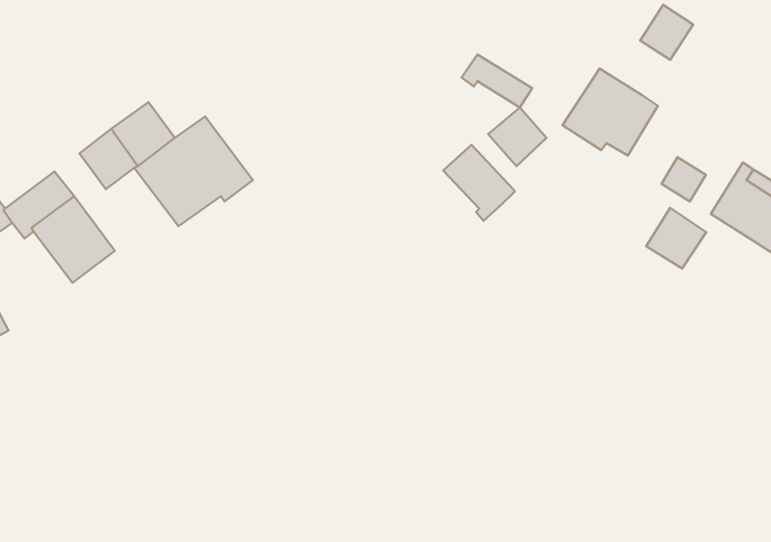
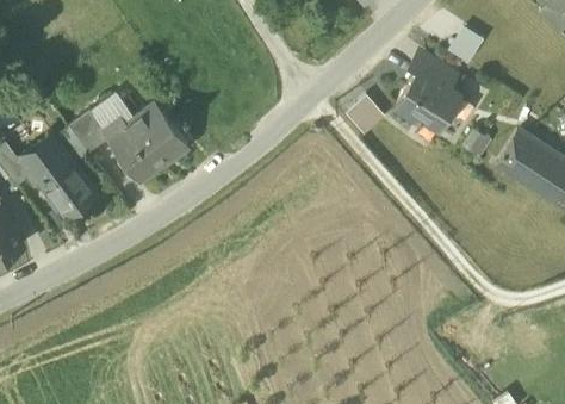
building: [462,55,532,108] -> [410,52,458,88]
building: [443,145,515,221] -> none
building: [646,208,706,269] -> none

